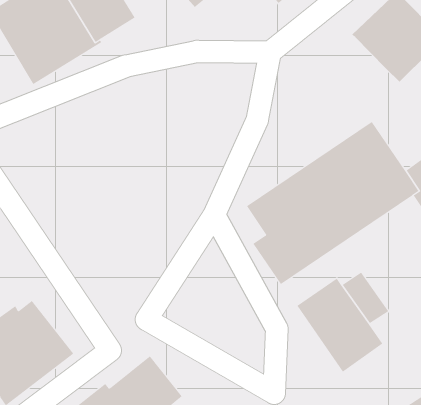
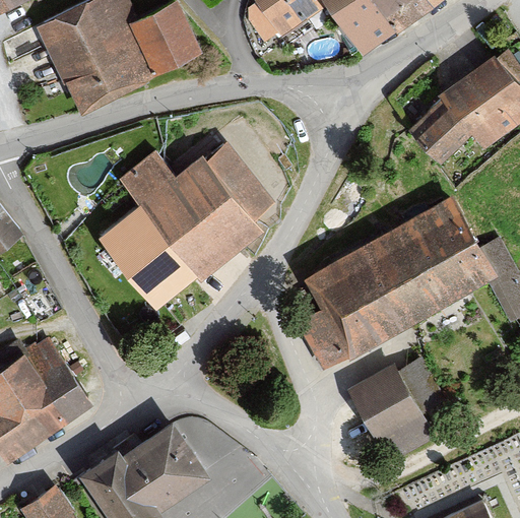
building: none -> [408,96,471,165]
building: none -> [93,139,276,308]

